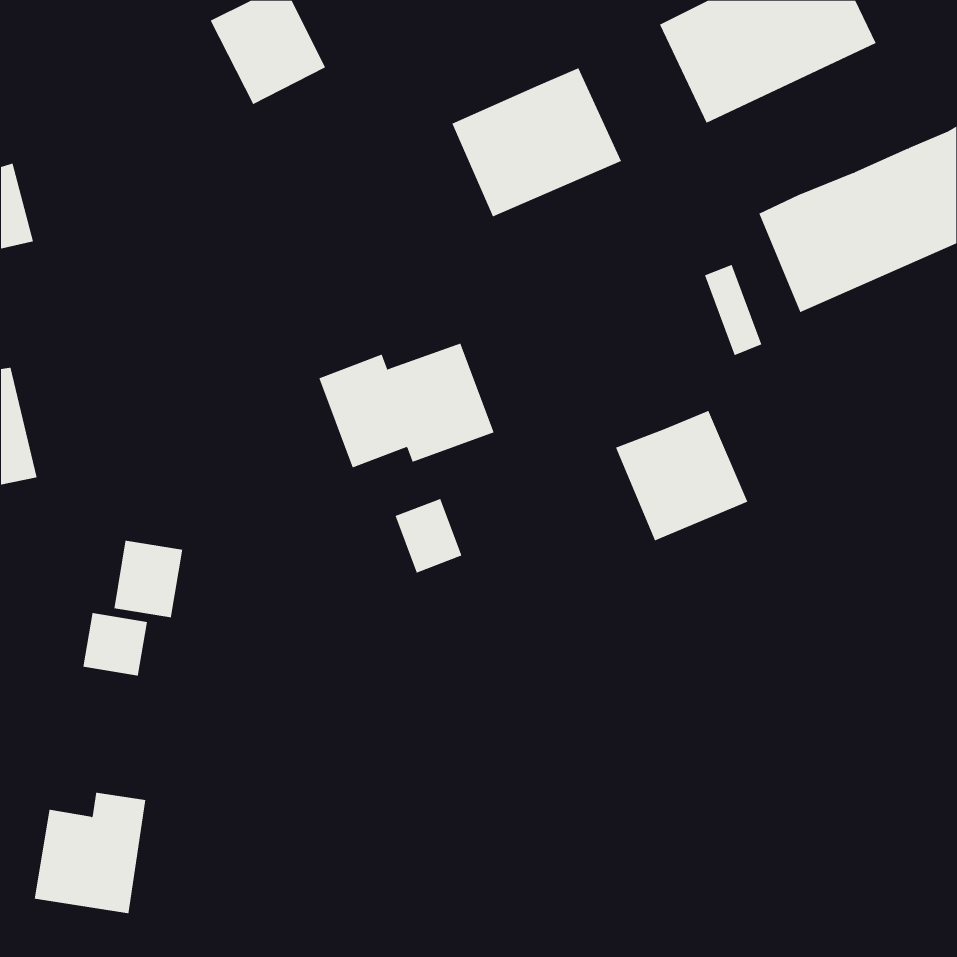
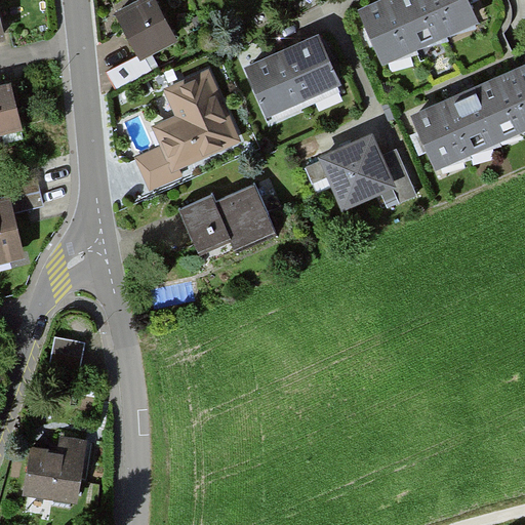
building: none -> [136,73,243,187]
building: [615,410,748,541] -> [323,134,396,206]
building: [395,498,462,574] -> none
building: [114,540,183,618] -> none

